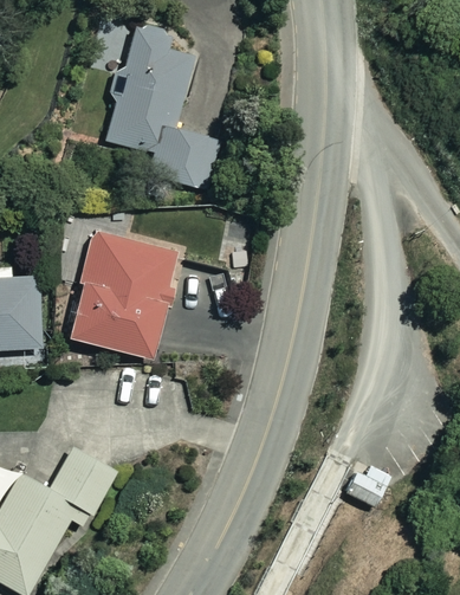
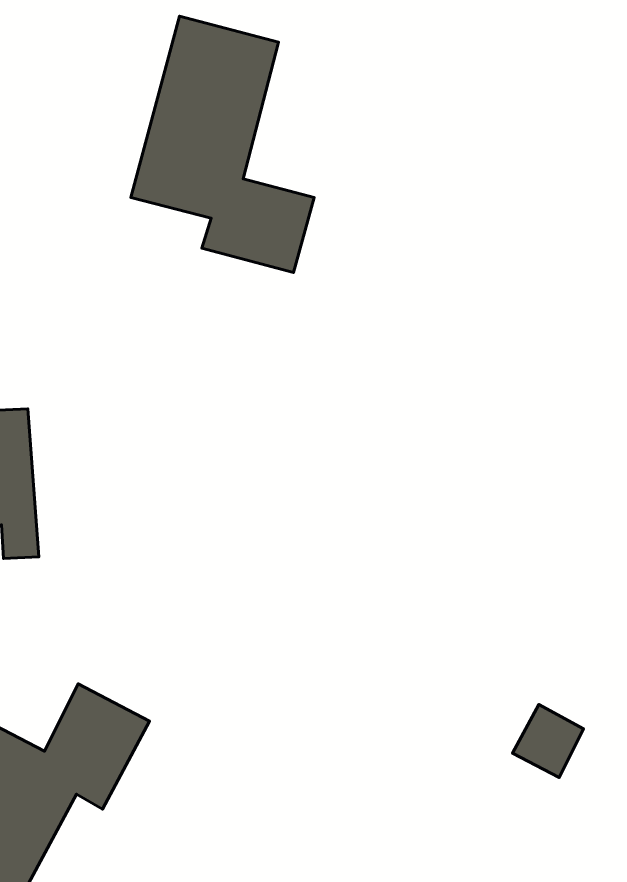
building: [66,233,175,360] -> none

